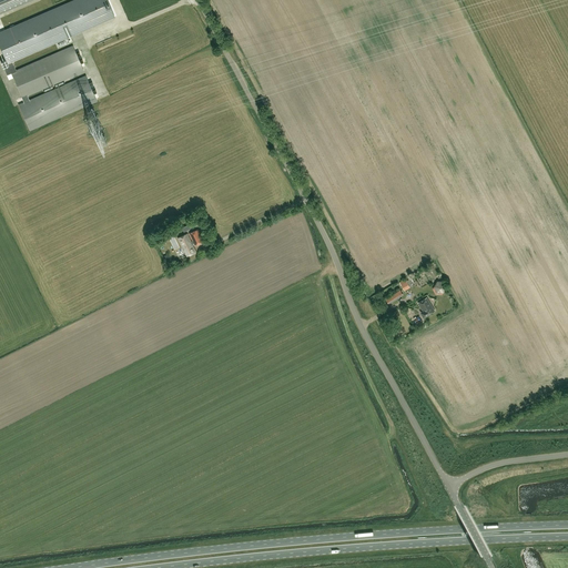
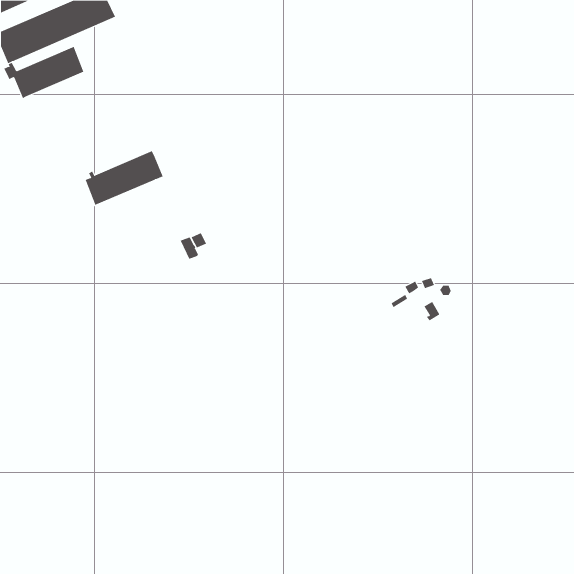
building: [19,75,97,130] -> [85,151,163,206]

